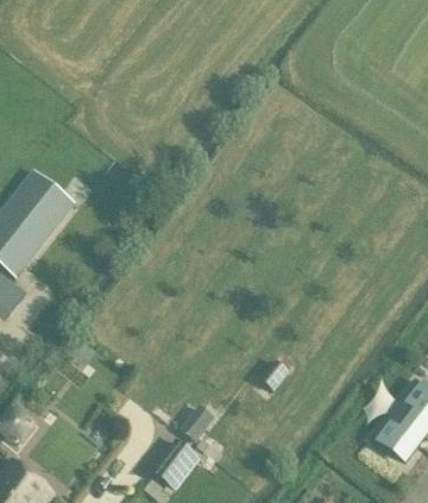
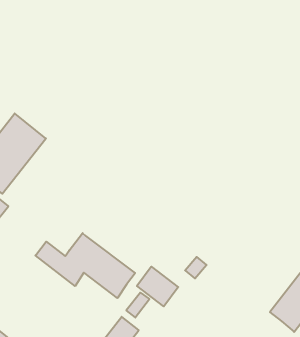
building: none -> [35,233,135,298]
building: none -> [137,267,178,306]

